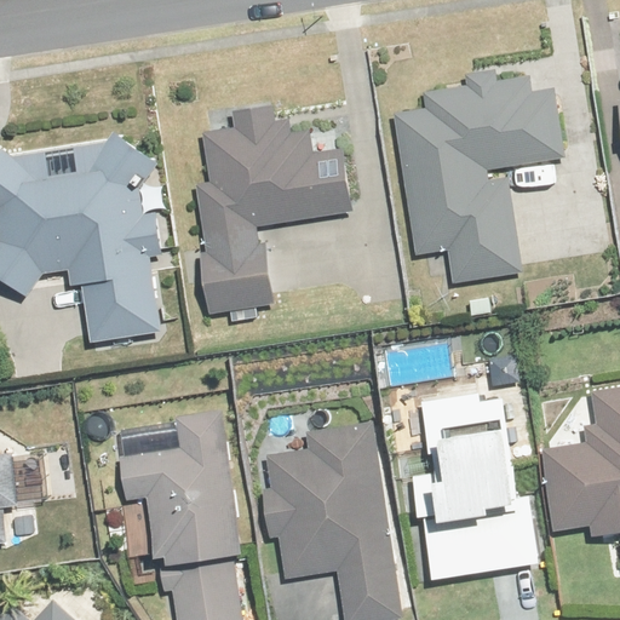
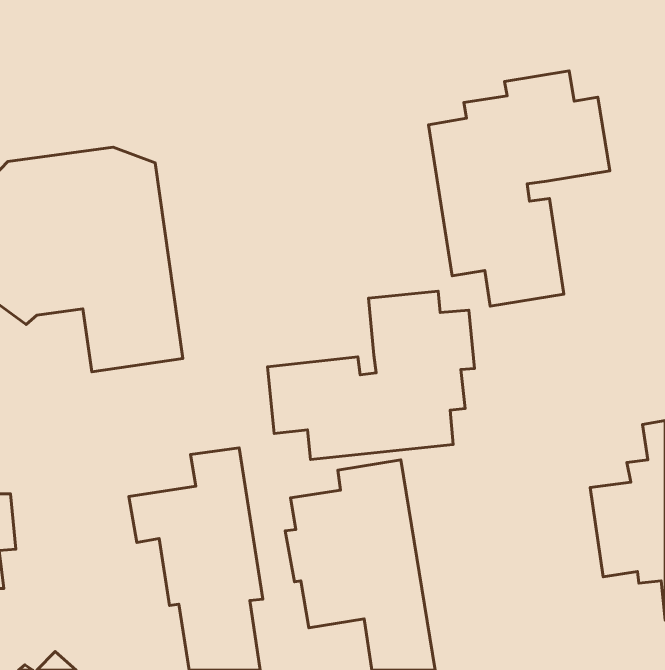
building: [200,108,346,312] -> none
building: none -> [267,291,474,459]
building: [412,392,538,580] -> none

